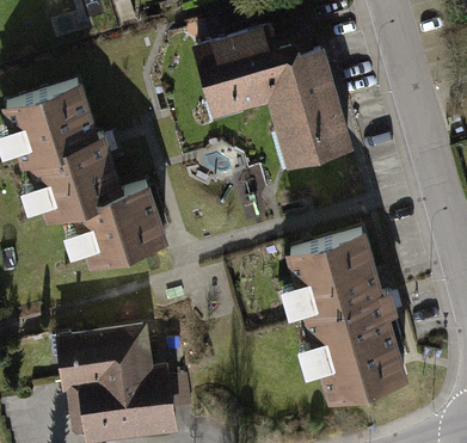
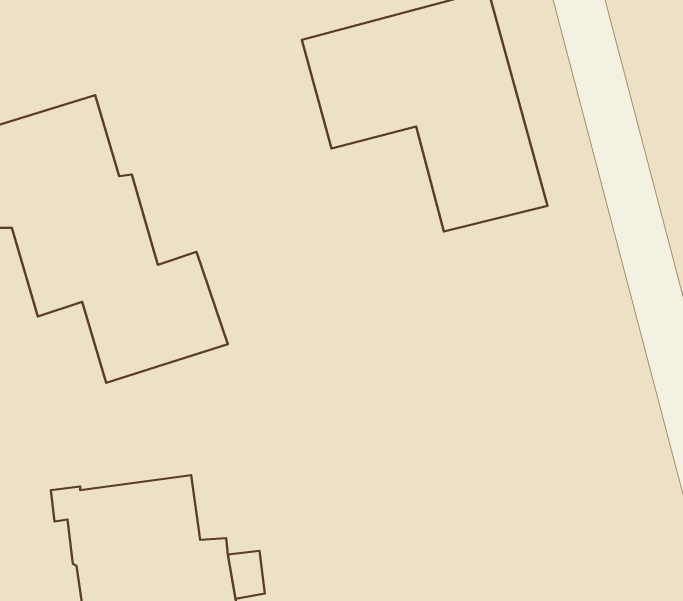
building: [291,229,405,393] -> none

